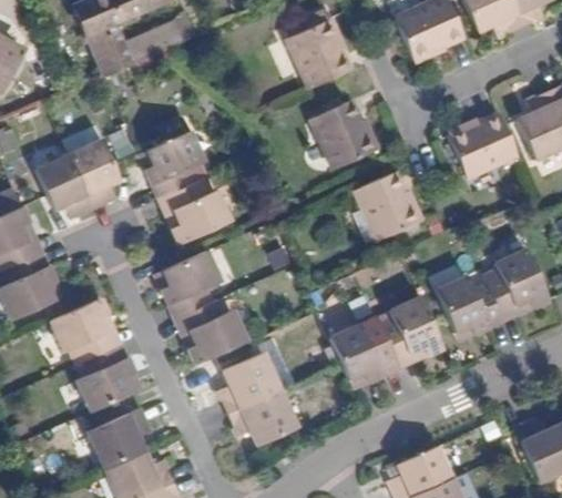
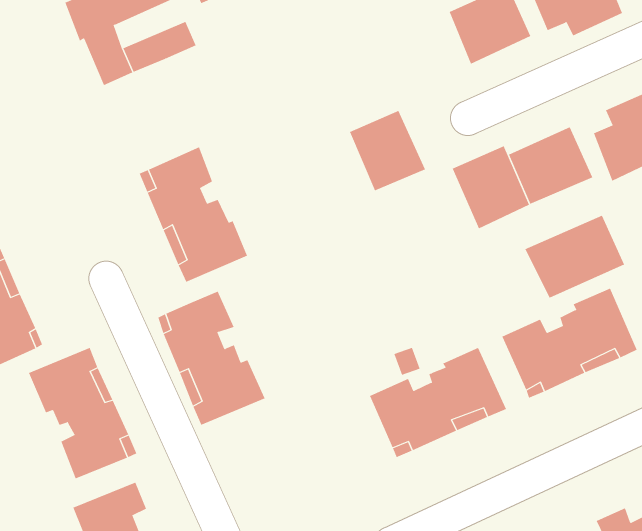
building: [287,17,355,88] -> none
building: [37,136,116,210] -> none
building: [357,170,421,238] -> [452,146,530,229]
building: none -> [524,215,625,298]
building: [216,348,295,440] -> none

